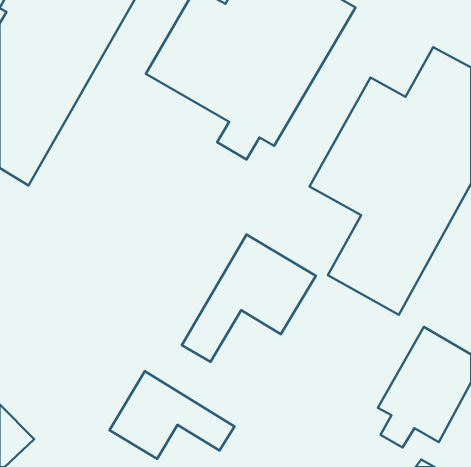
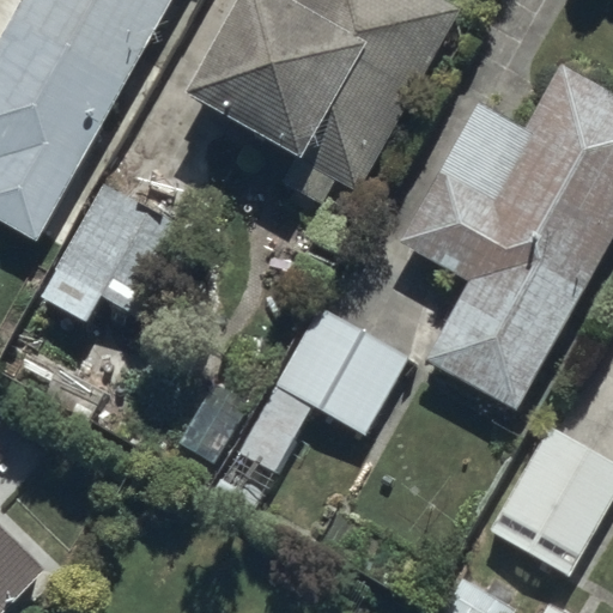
building: none -> [40,182,199,322]
building: [109,371,234,459] -> none

